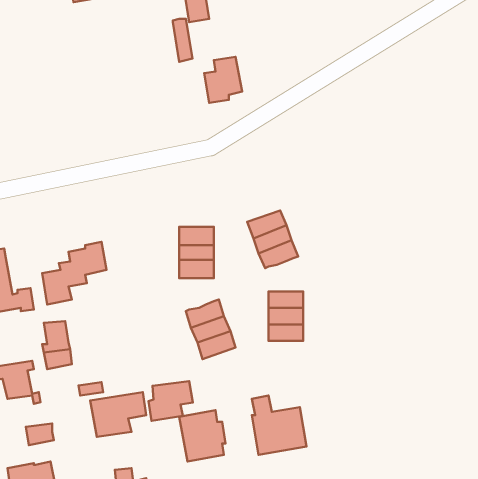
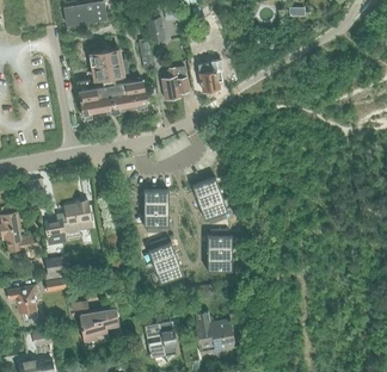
building: none -> [74,48,147,118]
building: none -> [198,60,222,91]
building: [148,381,193,421] -> none

